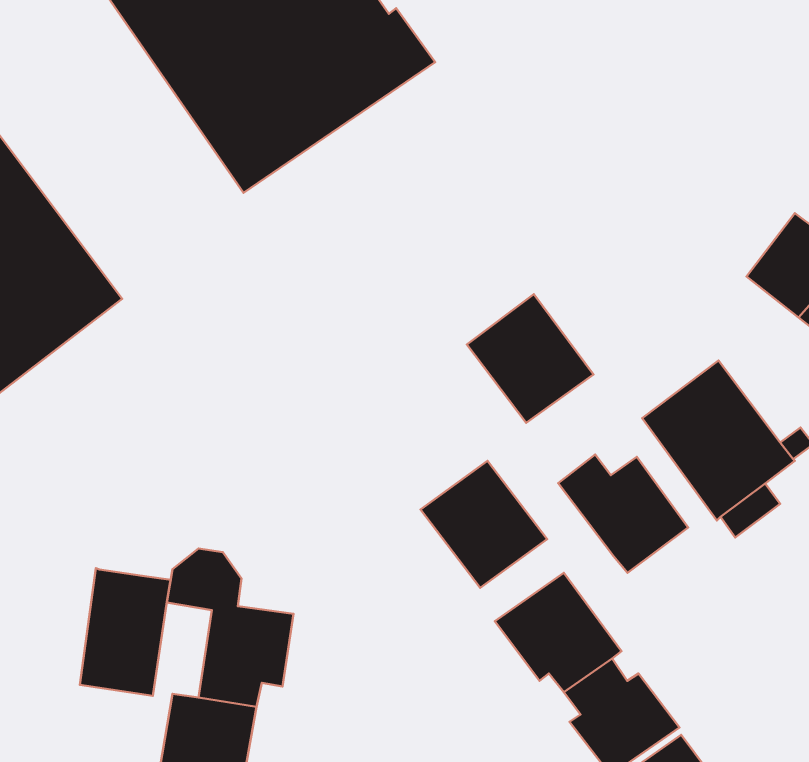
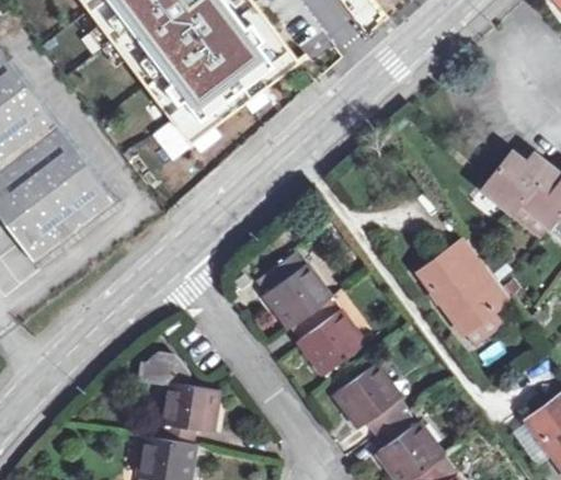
building: [467,294,593,423] -> [254,251,329,327]
building: [558,454,688,573] -> none
building: [80,568,171,696] -> none

